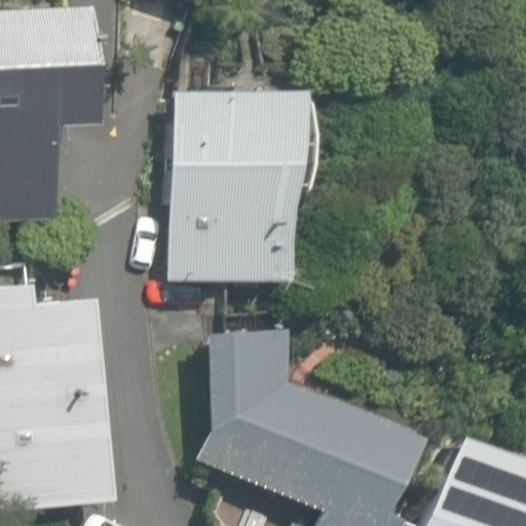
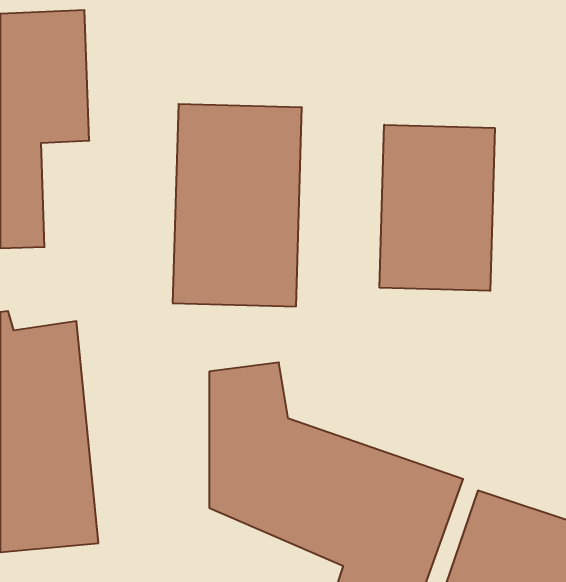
building: none -> [380,125,495,291]

